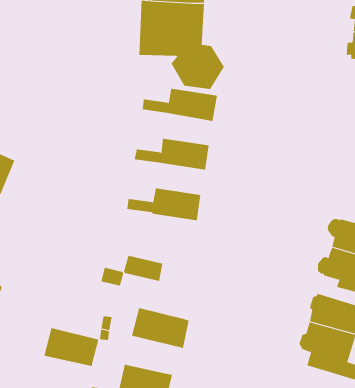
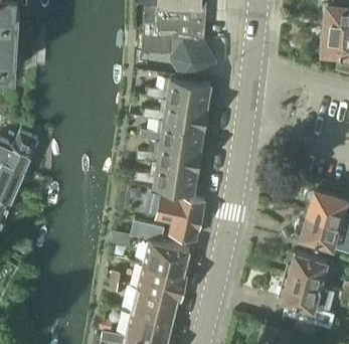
building: none -> [143,102,207,130]
building: none -> [136,144,200,171]
building: none -> [156,195,204,241]
building: none -> [143,243,189,277]
building: [44,328,99,367] -> [131,291,178,324]

